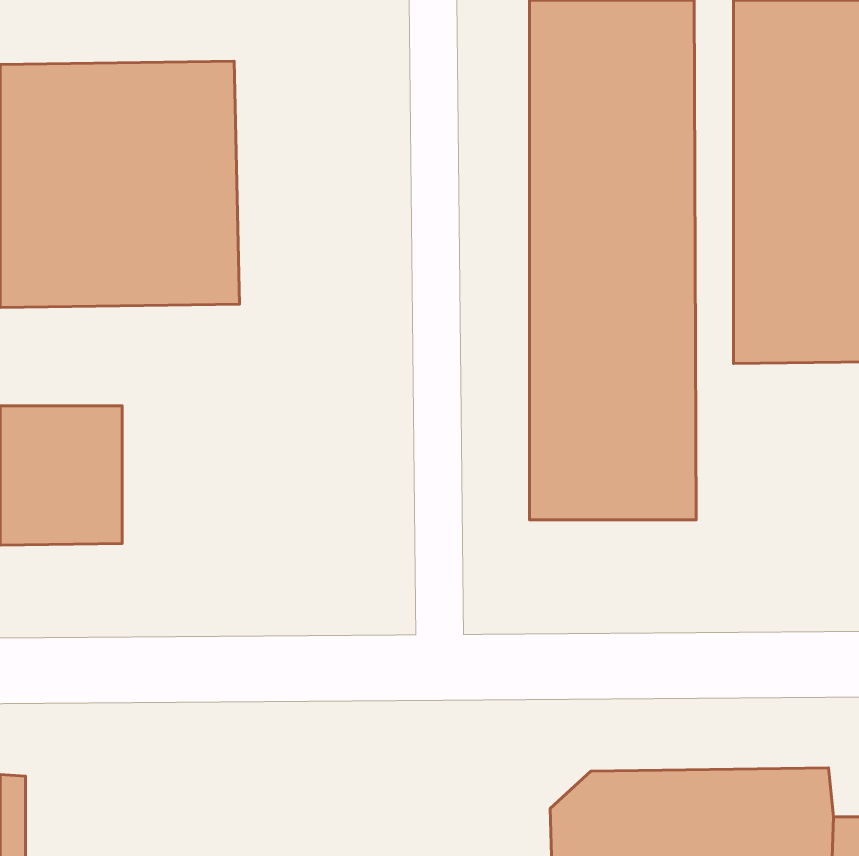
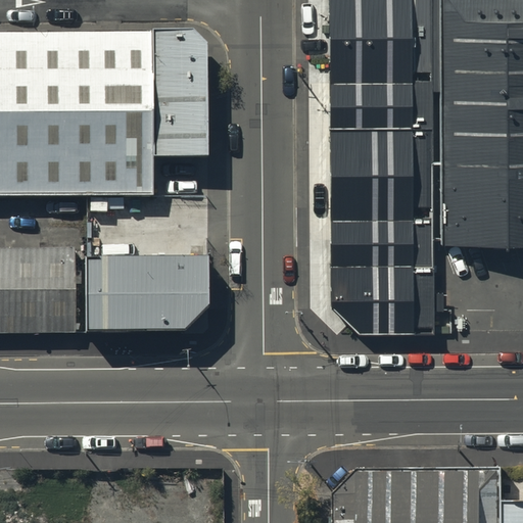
building: none -> [153,46,209,153]
building: none -> [87,253,208,327]

